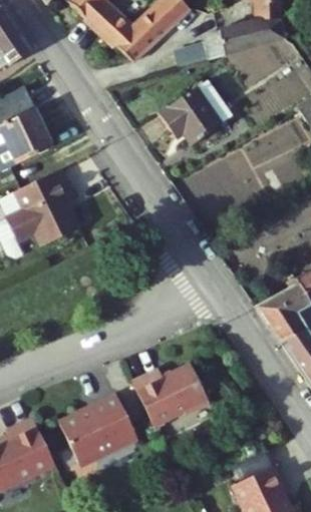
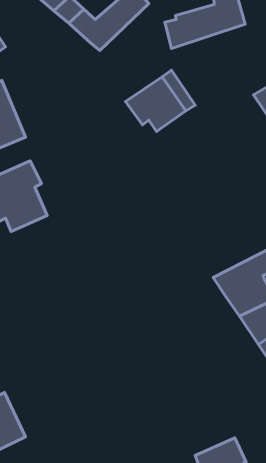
building: [132,369,210,431] -> none
building: [58,399,137,468] -> none

